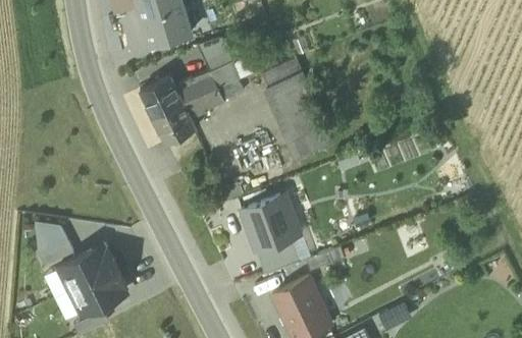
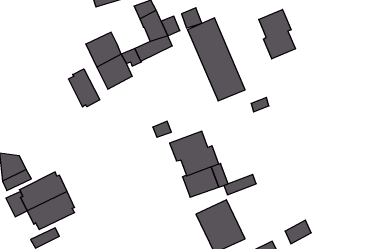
building: none -> [259,9,295,59]
building: [176,68,216,101] -> none
building: none -> [68,69,100,107]

